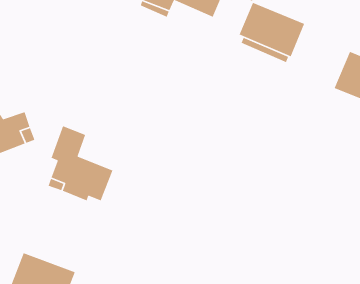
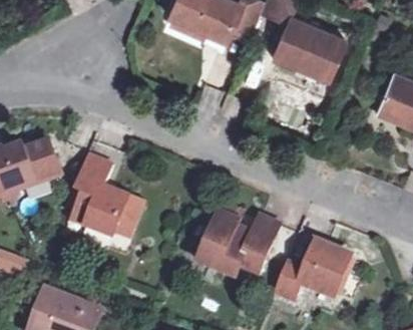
building: none -> [197,203,278,277]
building: none -> [273,239,348,300]

